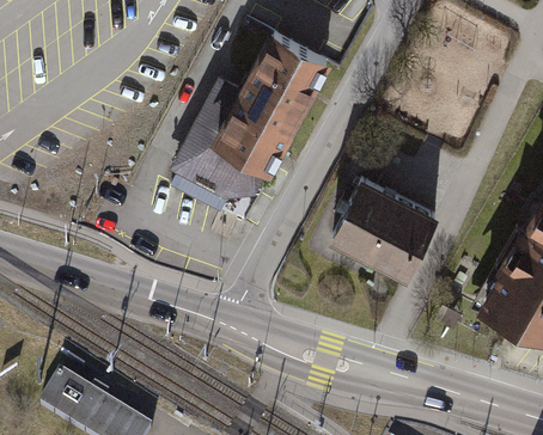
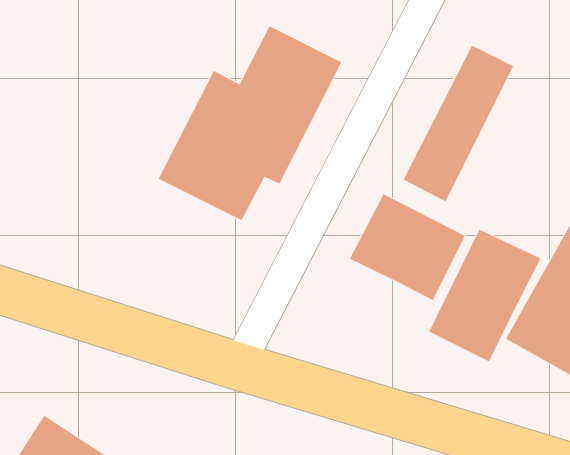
building: none -> [403,45,514,202]
building: none -> [428,229,541,362]

